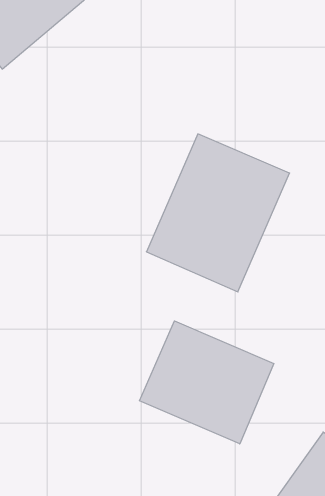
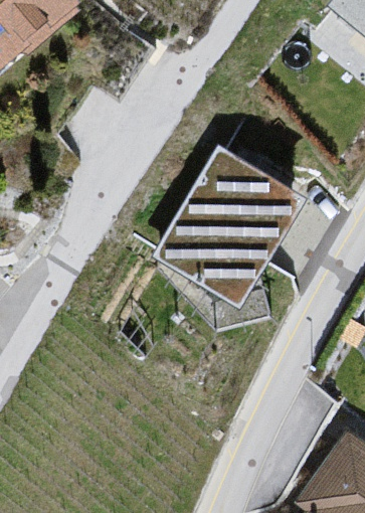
building: [140,321,274,444] -> none

